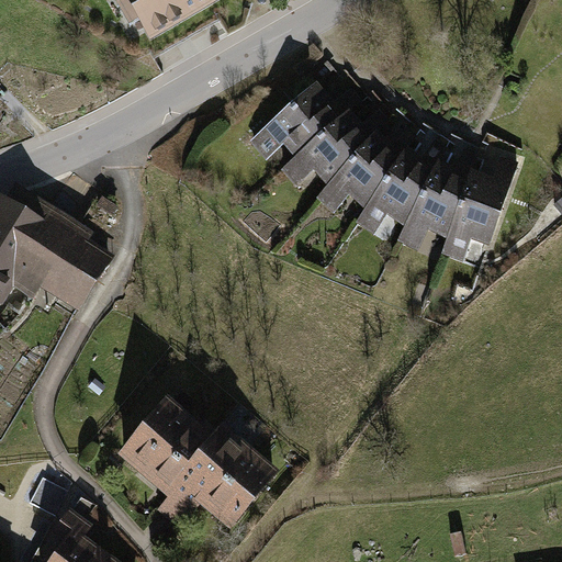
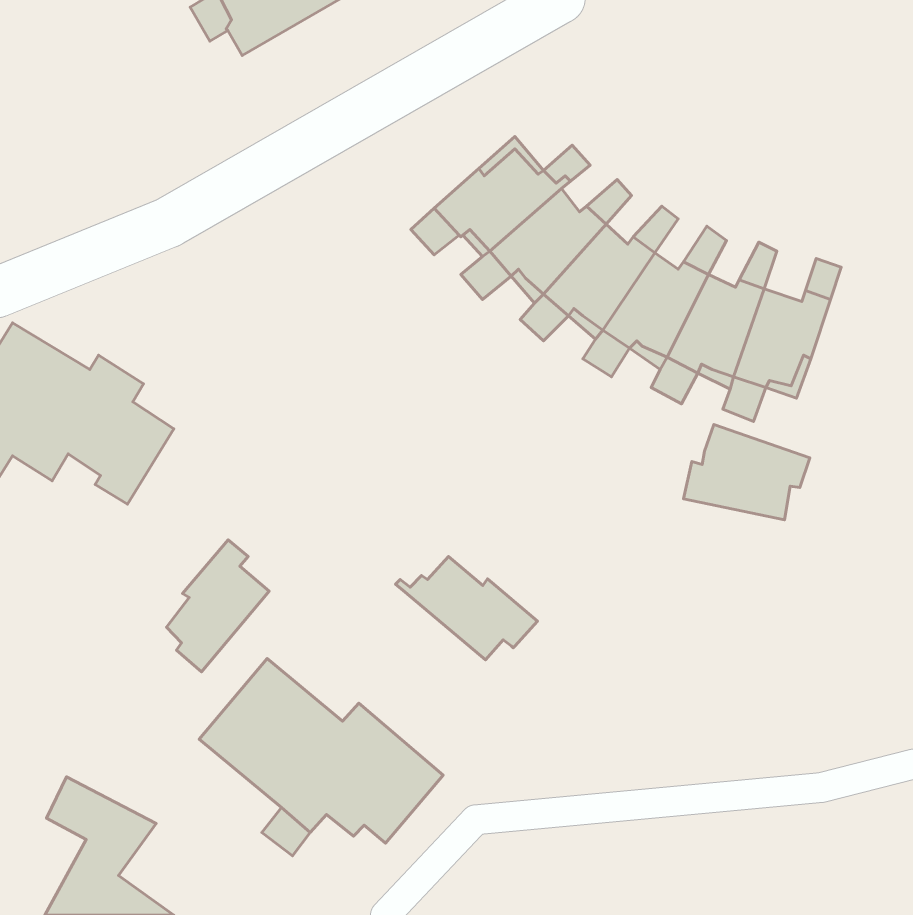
building: none -> [684,425,810,520]
building: none -> [167,540,269,672]
building: none -> [395,556,537,660]

